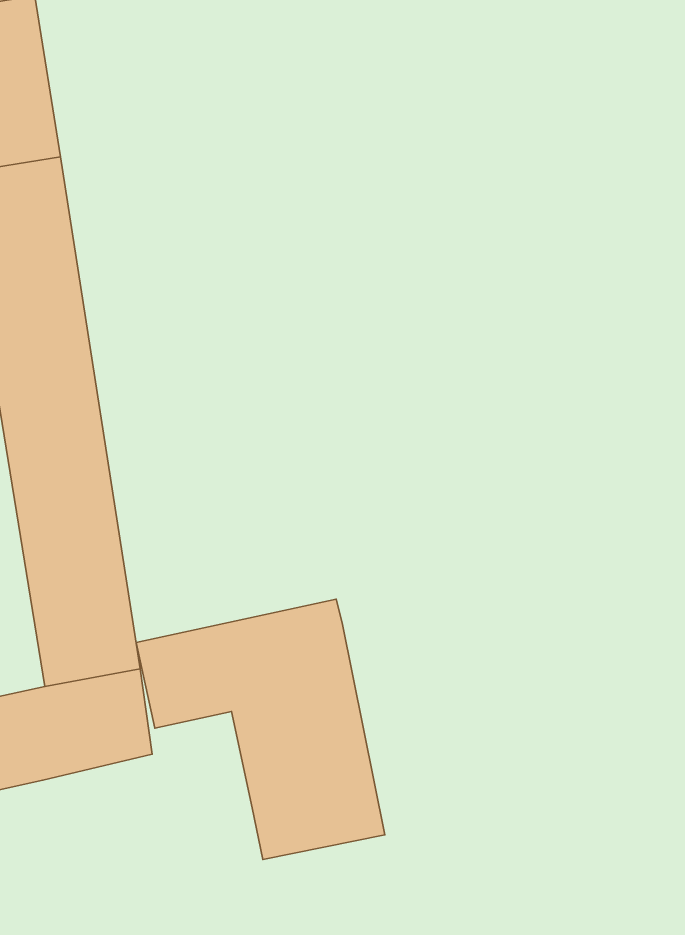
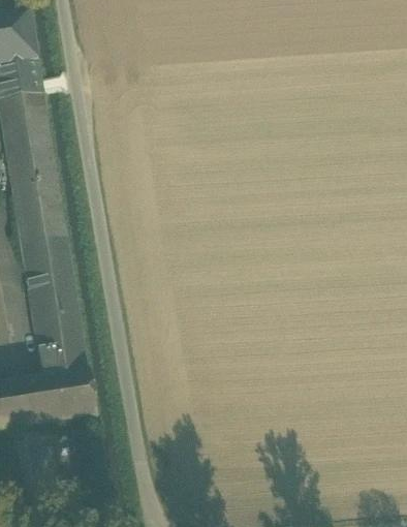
building: [136,599,385,859] -> none

